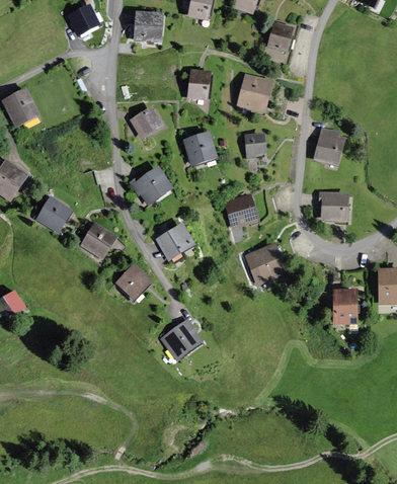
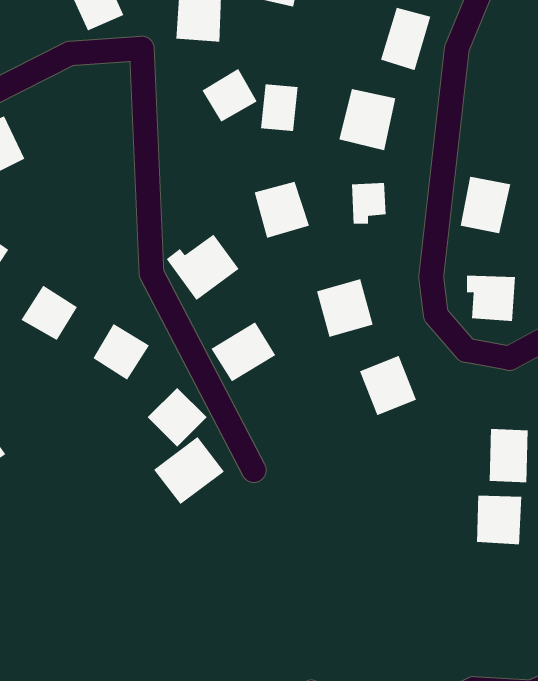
building: [129,105,164,140] -> [202,68,258,122]
building: [160,317,206,360] -> [153,436,225,505]
building: none -> [476,495,522,545]

